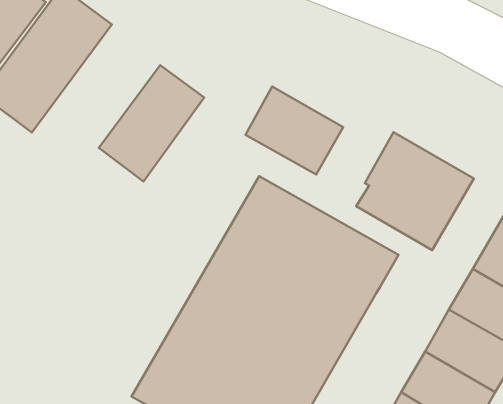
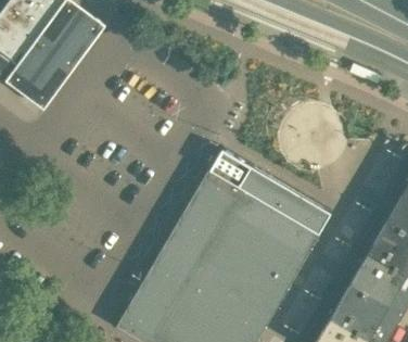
building: [99,65,204,182] -> none
building: [245,86,343,175] -> none
building: [356,132,474,250] -> none

